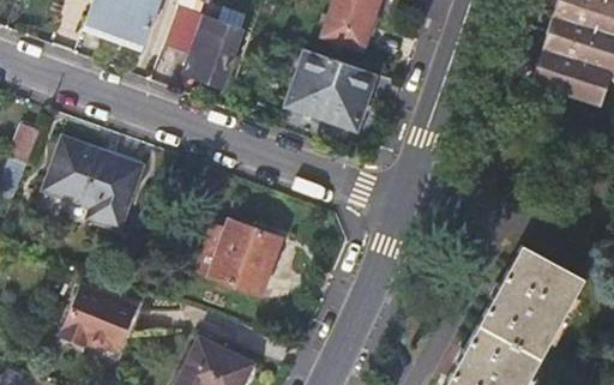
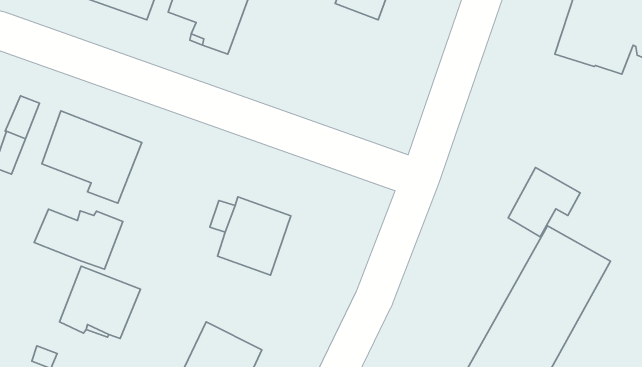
building: [285,50,373,128] -> none
building: none -> [508,168,580,237]
building: none -> [34,209,123,269]

